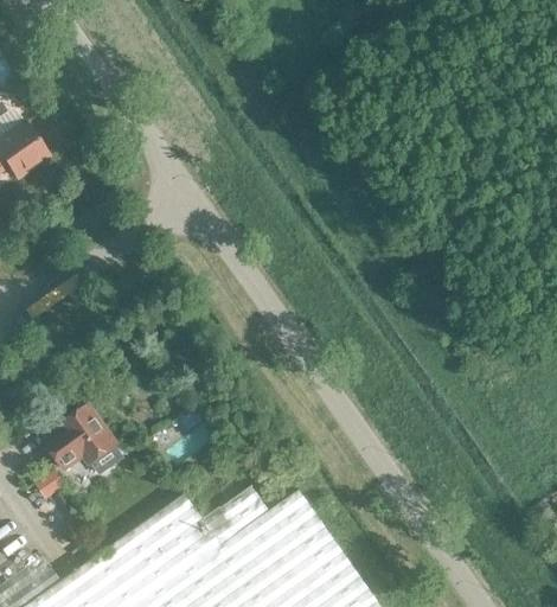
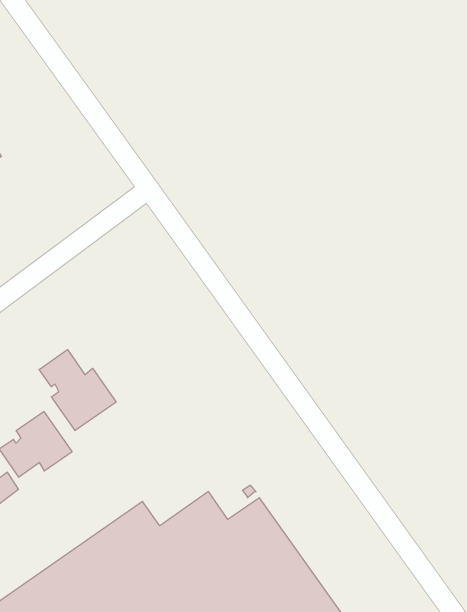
building: none -> [39,350,116,431]

